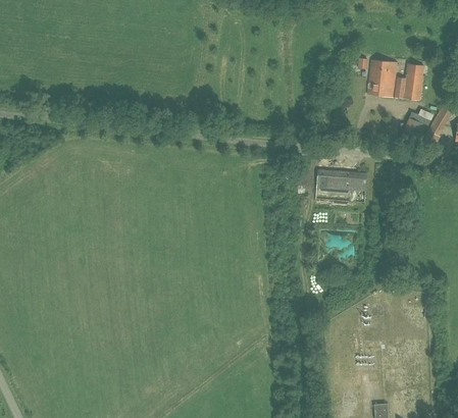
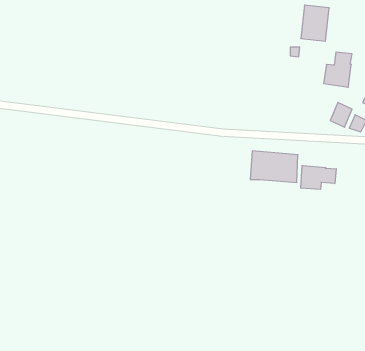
building: [366,58,397,97] -> [301,5,329,41]
building: none -> [301,165,336,189]

